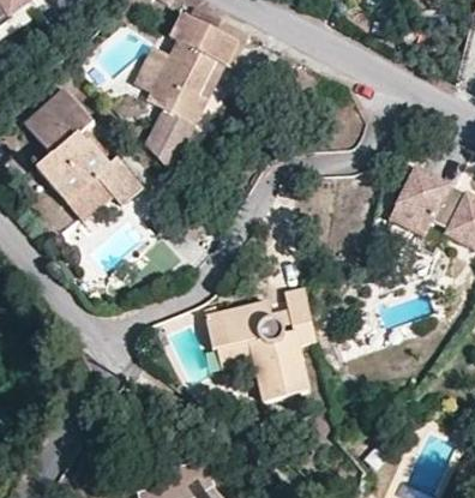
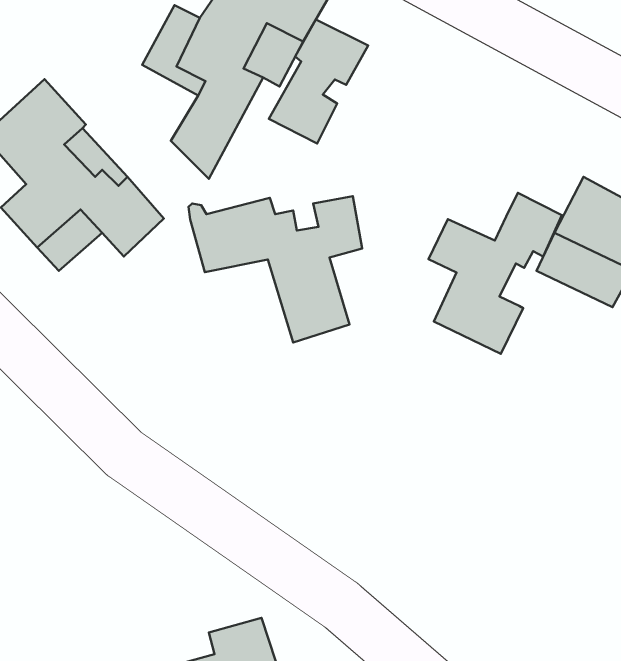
building: none -> [269,20,368,144]
building: none -> [429,193,562,354]
building: [198,301,313,398] -> [188,196,362,343]

